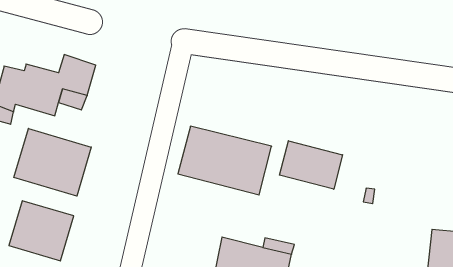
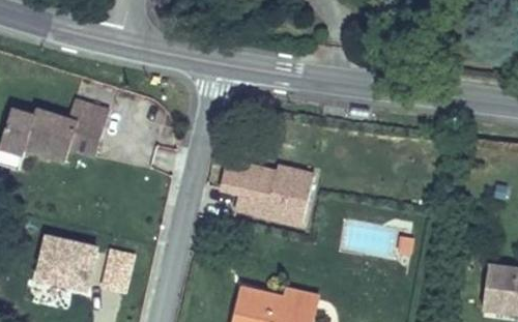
building: [14,128,91,196] -> none
building: [279,141,343,189] -> none

